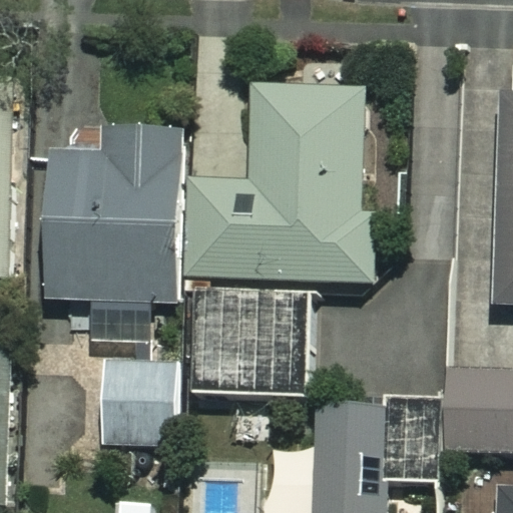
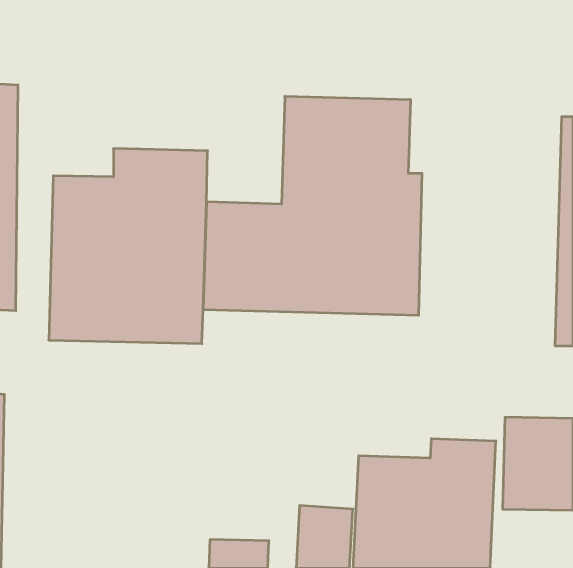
building: [193,291,307,396] -> none
building: [99,363,175,440] -> none

